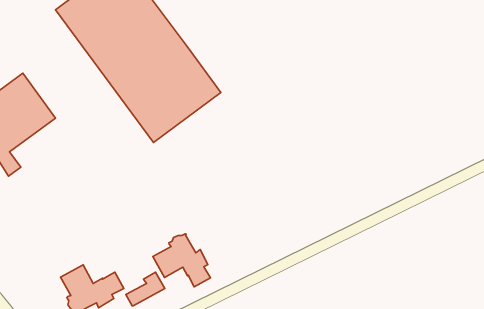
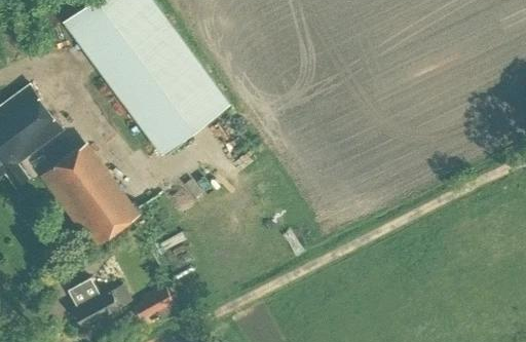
building: none -> [40,147,132,248]
building: [153,234,211,287] -> none

